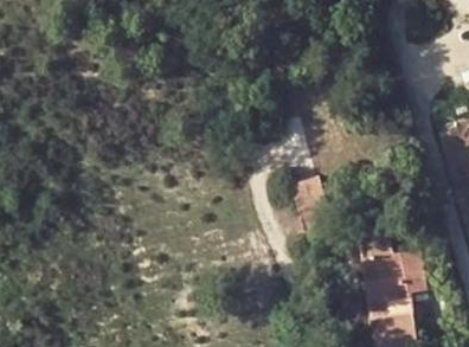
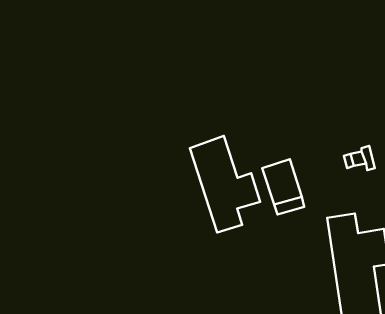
building: none -> [190,136,260,233]

